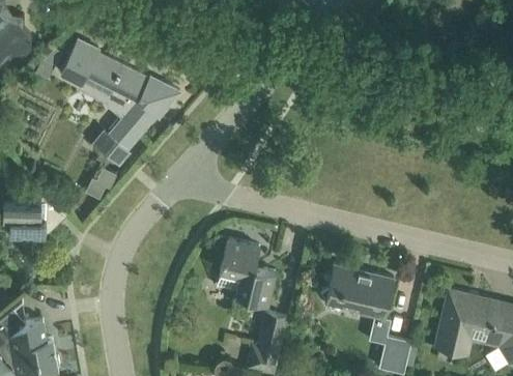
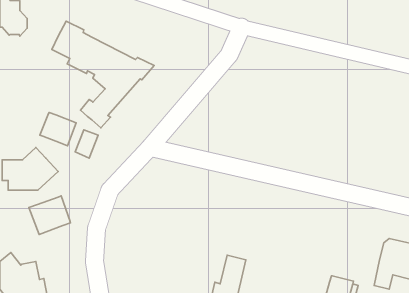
building: none -> [40,113,76,146]
building: [217,239,275,305] -> none
building: none -> [29,196,70,235]
building: [321,265,394,320] -> none

